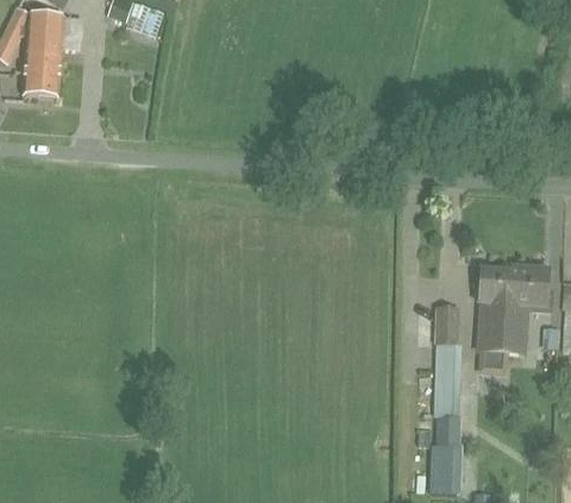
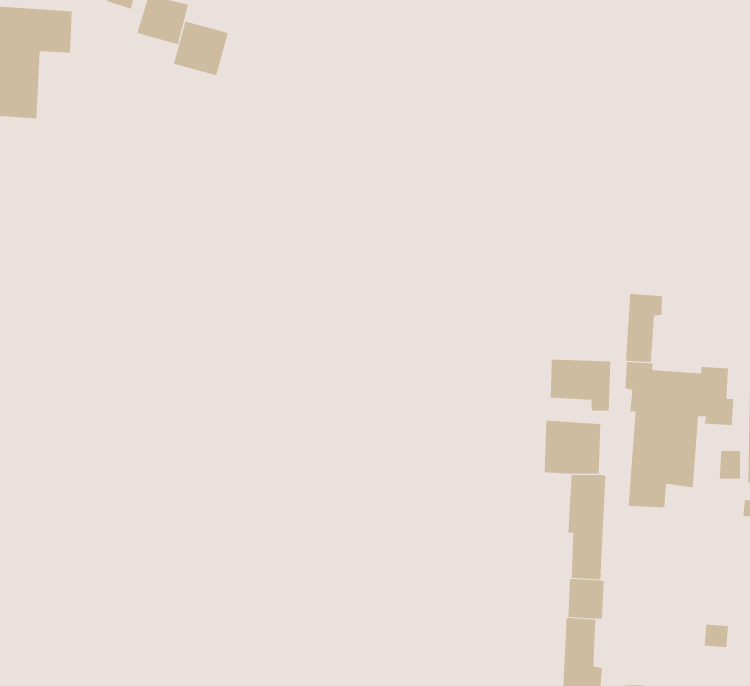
building: none -> [173,21,229,76]
building: none -> [626,293,663,363]
building: none -> [550,359,611,411]

